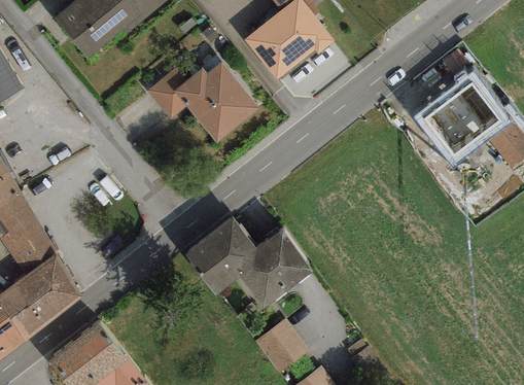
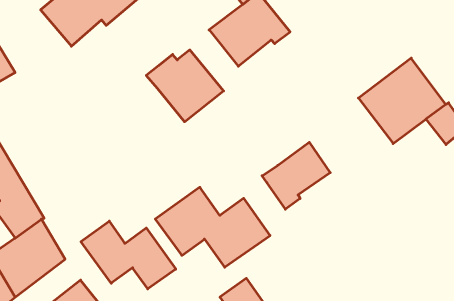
building: [145,65,186,117] -> none
building: none -> [262,142,330,209]
building: none -> [81,221,176,289]

